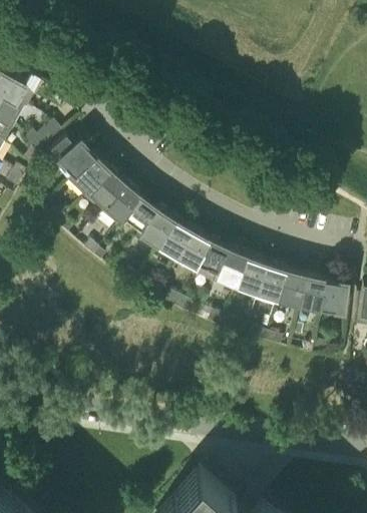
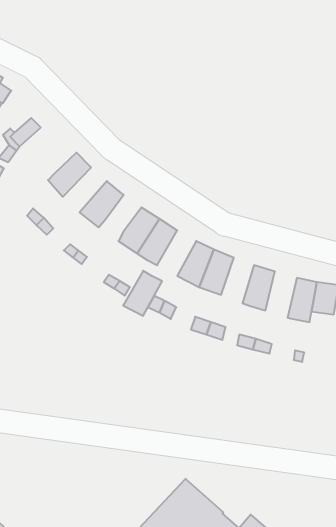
building: [46,135,96,174] -> none
building: [83,168,125,211] -> none
building: [124,194,158,229] -> none
building: [173,228,211,272] -> [123,271,162,316]
building: [235,254,266,298] -> none
building: [277,268,307,312] -> none

